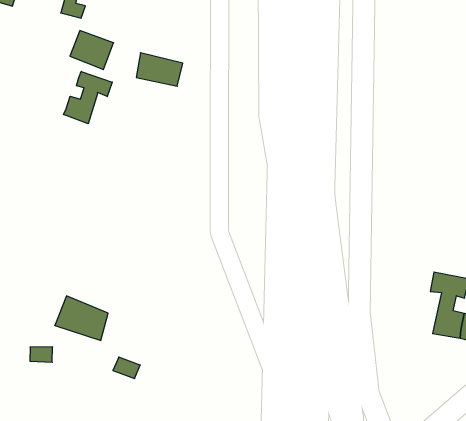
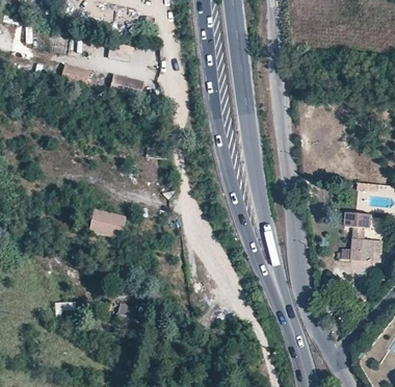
building: [64,71,112,124] -> none
building: [55,296,108,340] -> [87,210,126,240]

